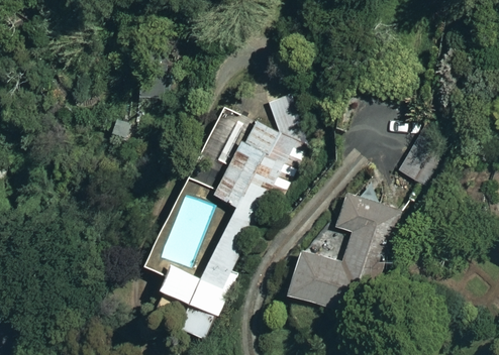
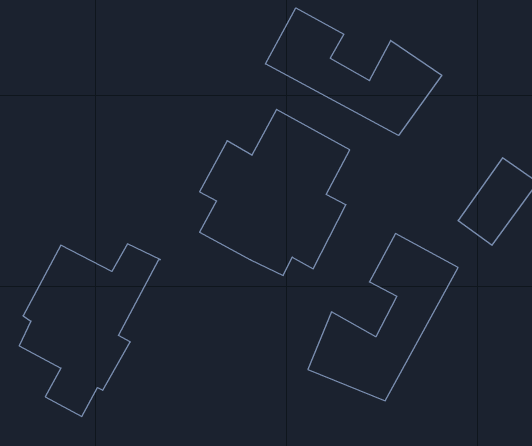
building: none -> [265,8,442,135]
building: [152,203,261,336] -> [19,244,160,416]

